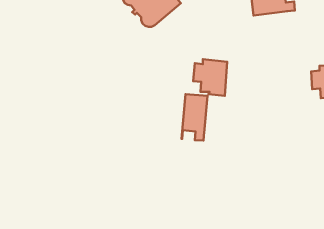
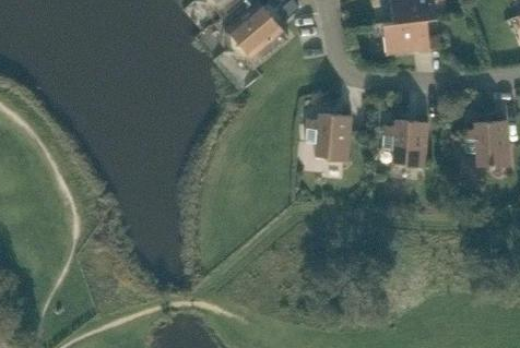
building: none -> [383,120,428,168]
building: [181,94,208,141] -> none

